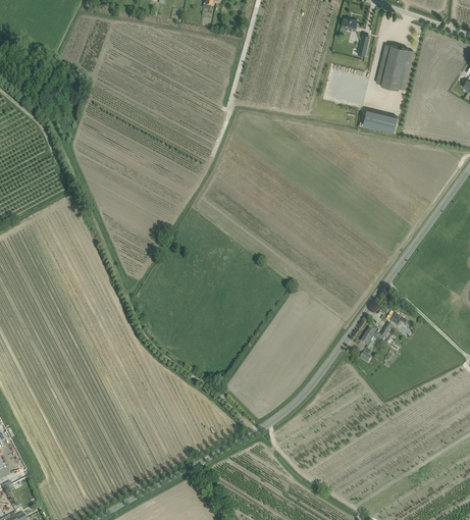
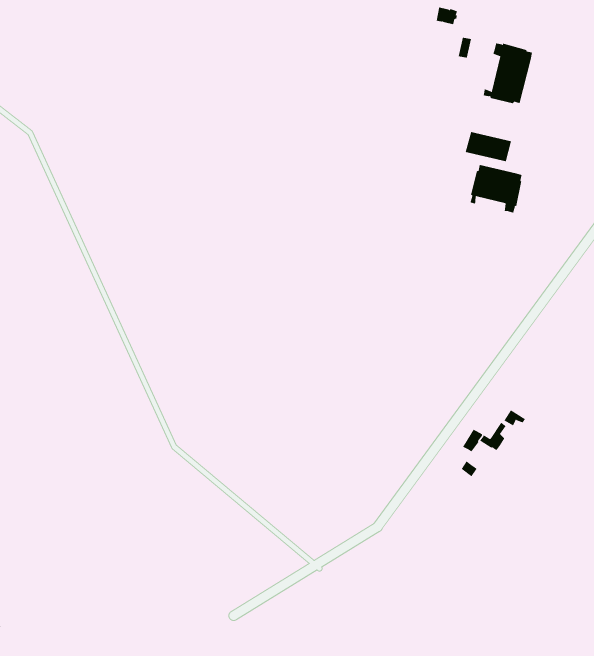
building: none -> [470,164,522,214]

